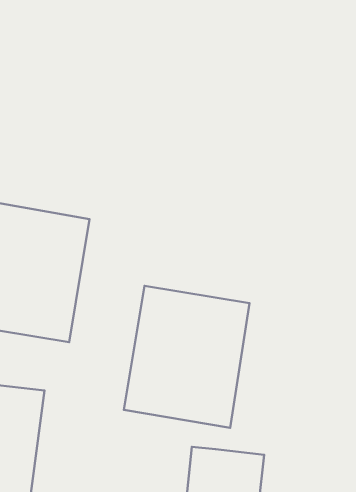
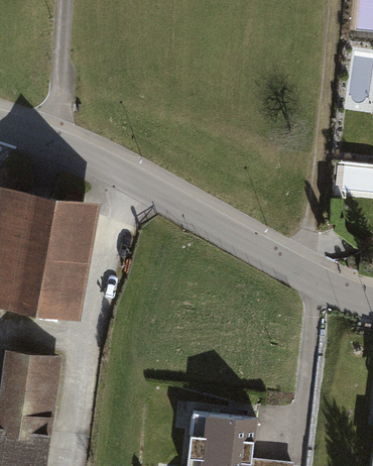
building: [124,286,250,428] -> none

